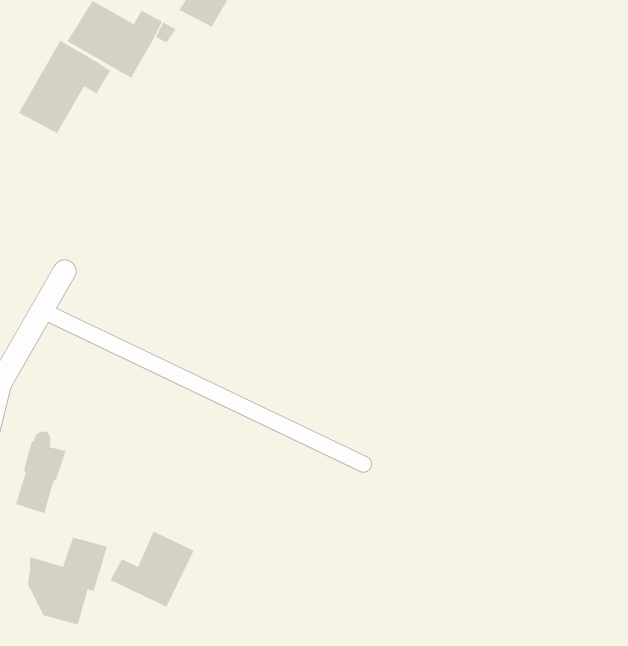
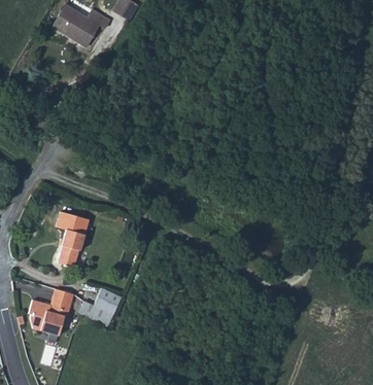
building: [18,40,111,134] -> none
building: [15,431,66,514] -> [59,223,86,267]

